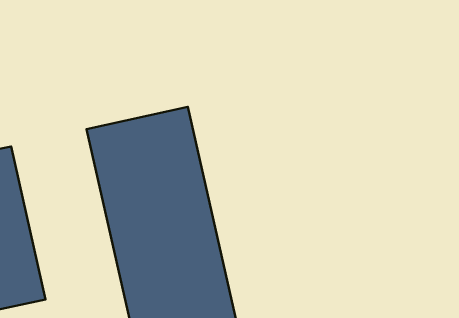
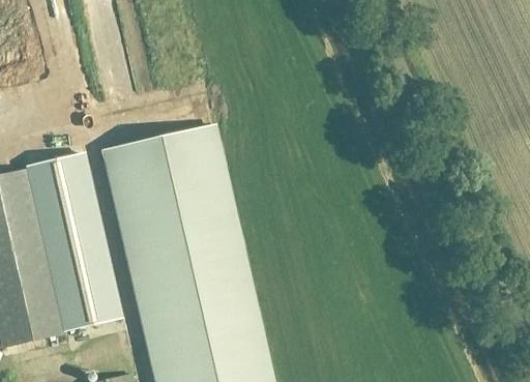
building: none -> [27,154,119,330]

